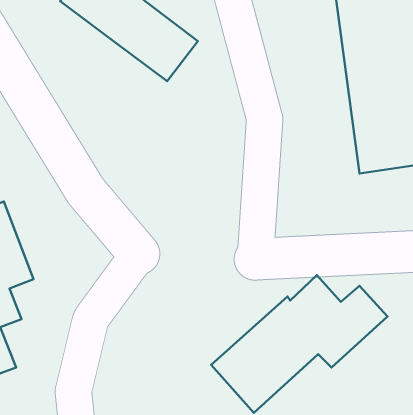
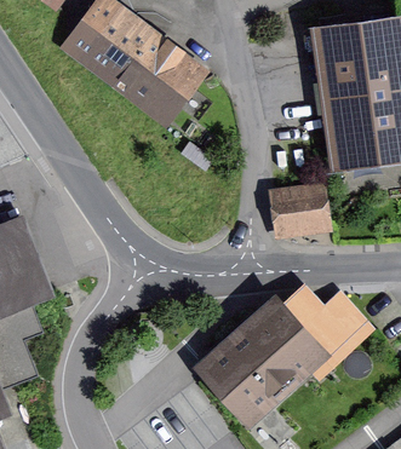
building: none -> [274,185,323,232]

